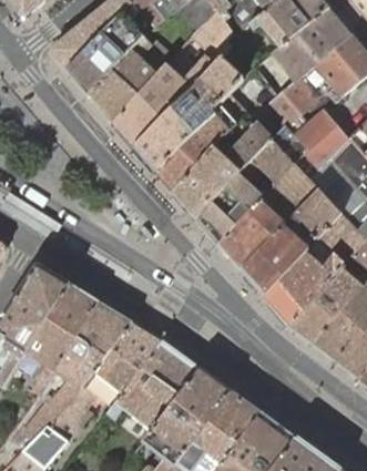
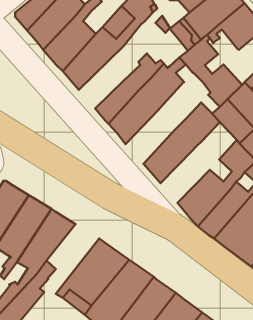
building: [135,59,243,172] -> none
building: [196,125,307,244] -> none
building: [242,190,341,295] -> none
building: [93,322,162,393] -> none

